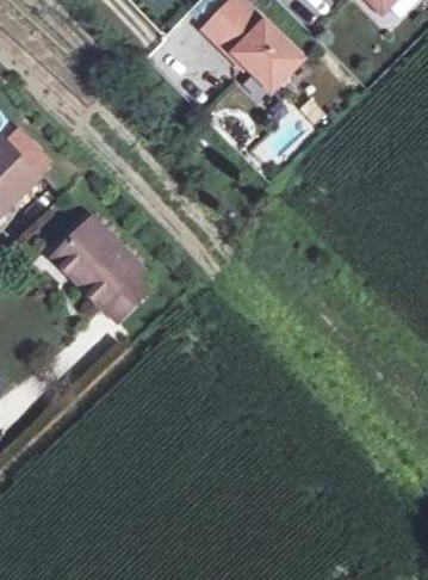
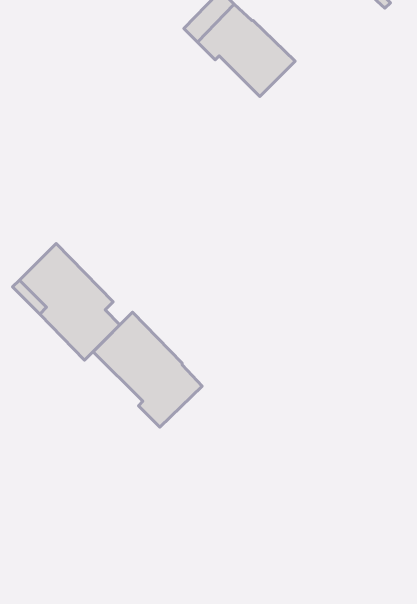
building: none -> [93,312,202,427]

